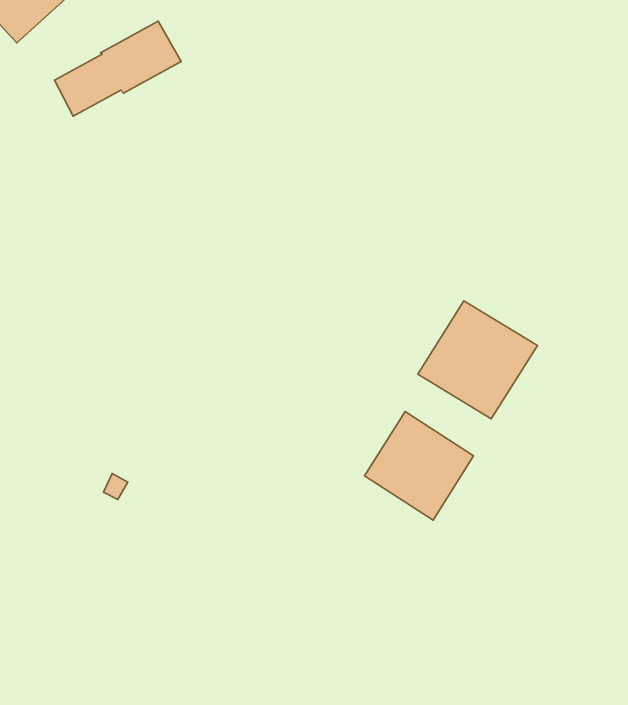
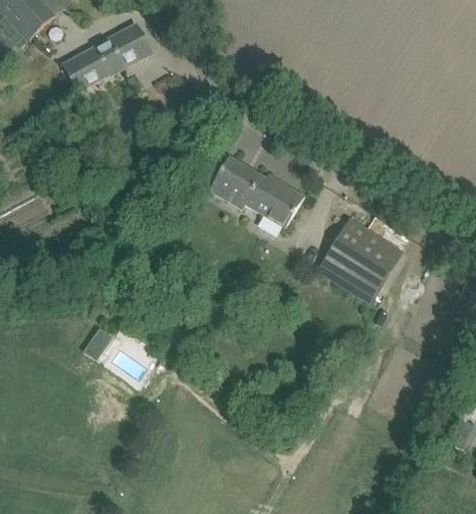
building: none -> [212,157,303,227]
building: [365,412,473,520] -> none

